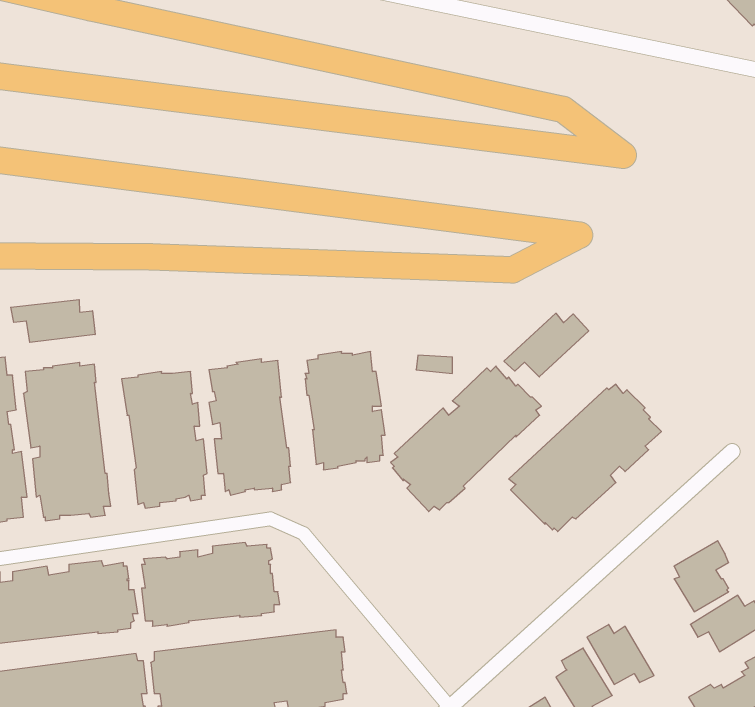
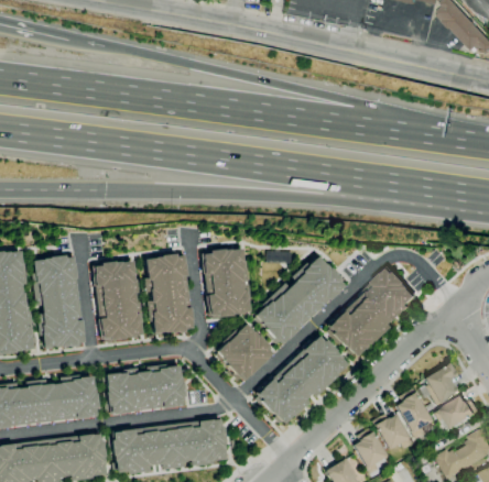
building: [11,300,95,342] -> none
building: [504,313,589,377] -> none
building: none -> [216,324,274,380]
building: none -> [256,333,346,424]
building: none -> [396,388,433,439]

